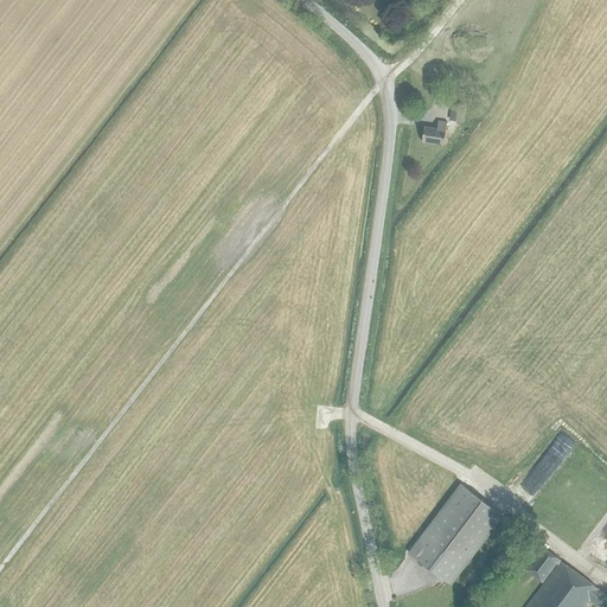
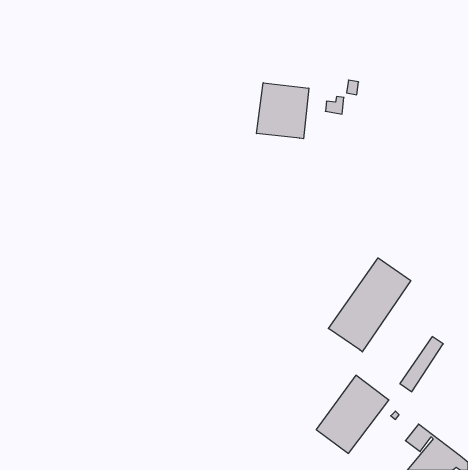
building: none -> [257,83,309,139]
building: none -> [328,258,411,352]

